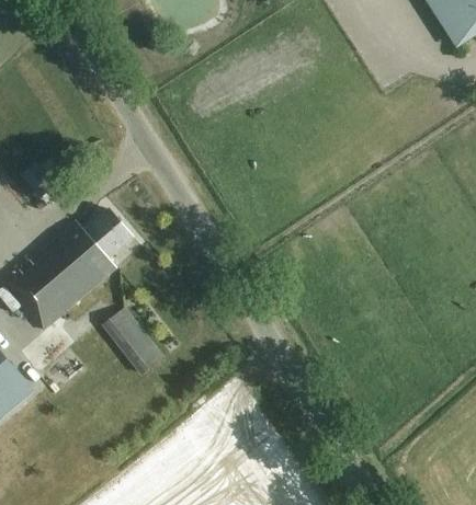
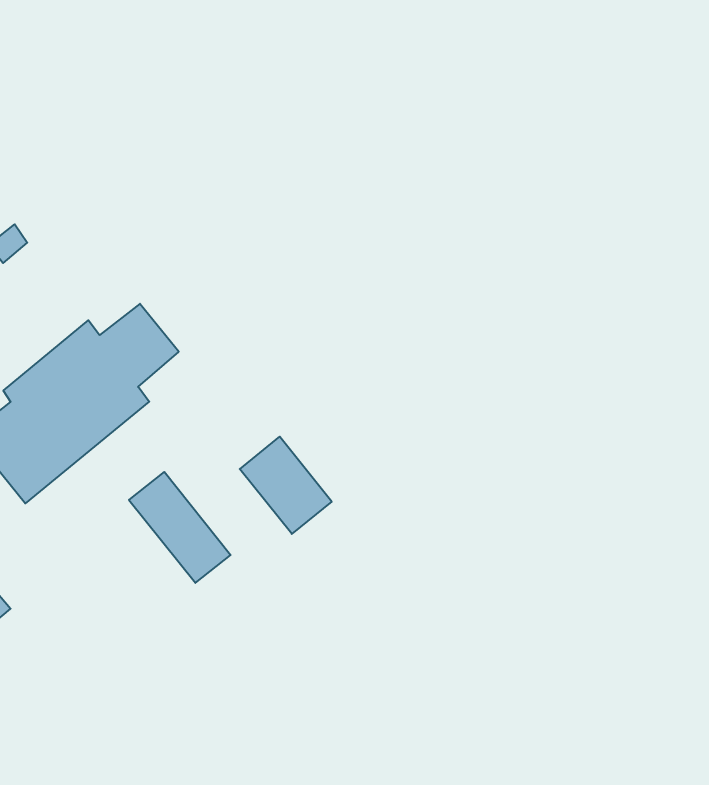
building: none -> [240,437,332,534]

